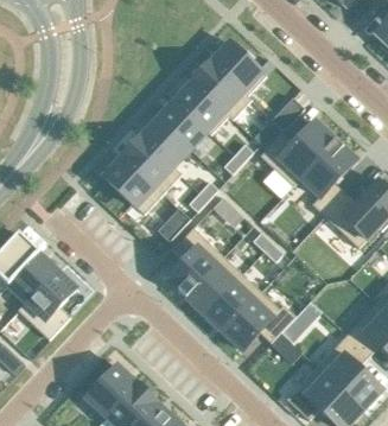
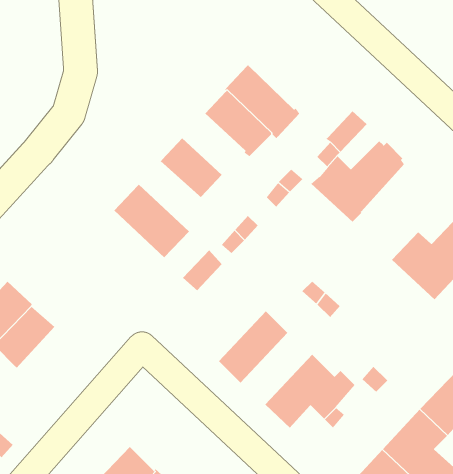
building: [210,42,265,96] -> none
building: [157,100,206,148] -> none
building: [120,135,180,193] -> none
building: [299,140,355,216] -> none
building: [165,228,223,297] -> none
building: [17,269,75,339] -> none
building: [203,274,260,331] -> none

